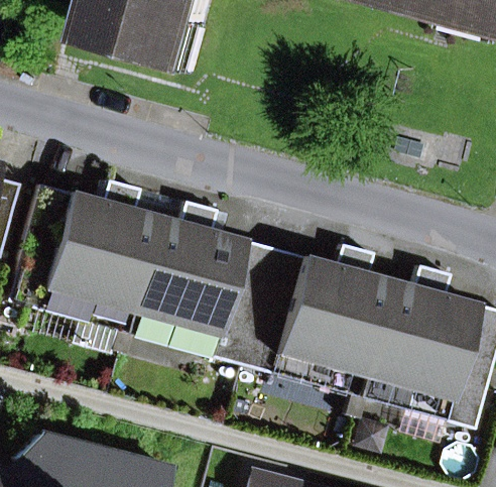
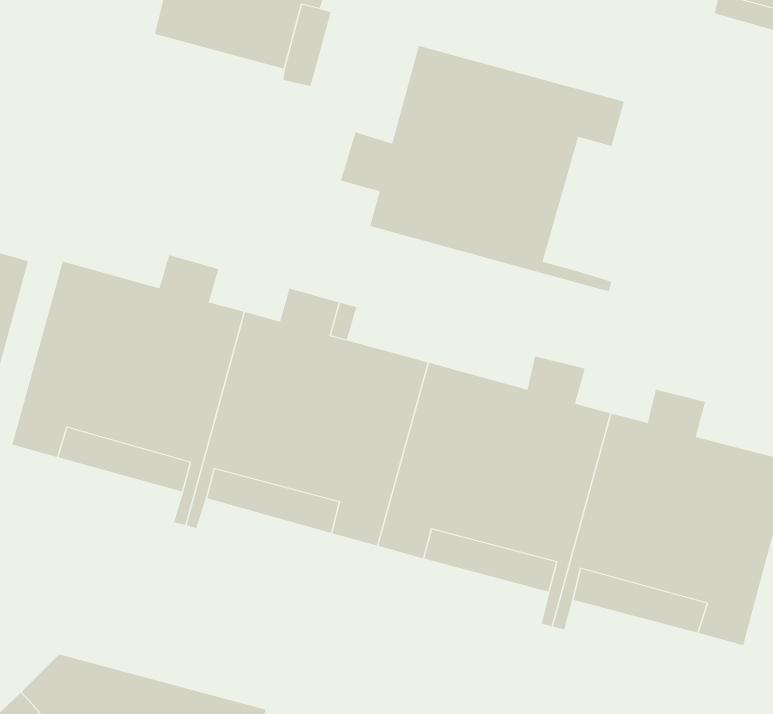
building: none -> [340,45,624,292]

